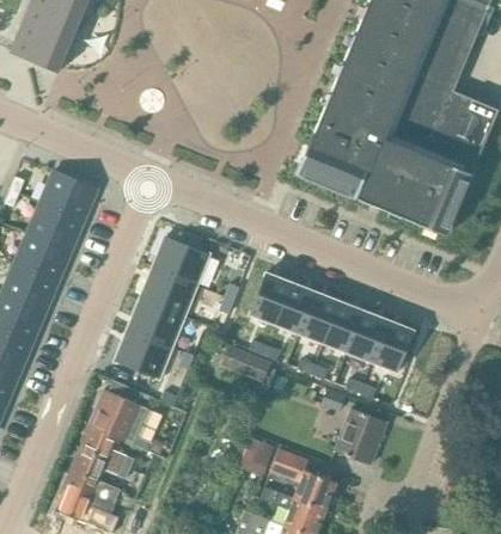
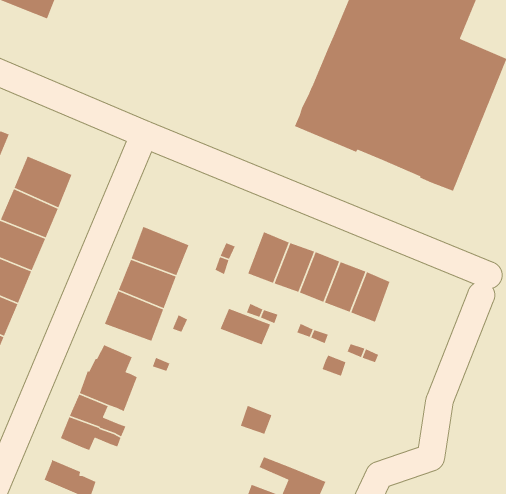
building: [41,171,97,219] -> none
building: [151,235,208,286] -> none
building: [372,320,413,369] -> none
building: [334,406,386,465] -> none
building: [270,449,336,510] -> none
building: [63,469,121,512] -> none

